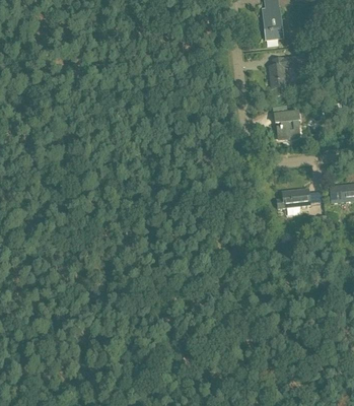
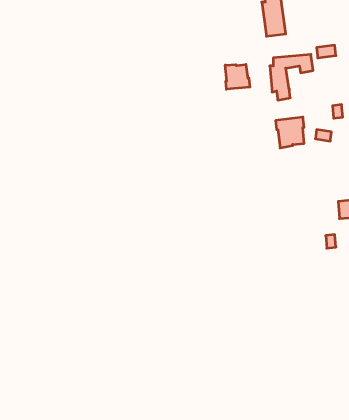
building: none -> [225,64,250,89]
building: [276,188,310,207] -> none

